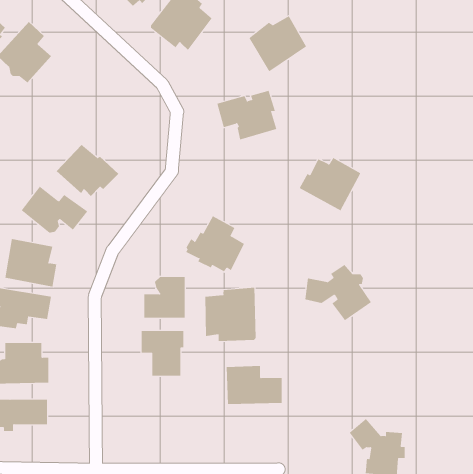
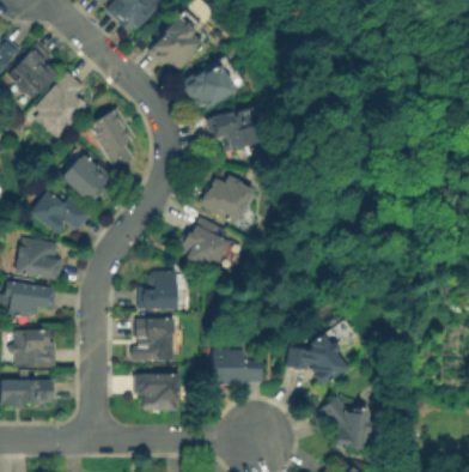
building: [249,15,307,72] -> [179,62,231,113]
building: none -> [36,72,90,139]
building: none -> [89,108,136,170]
building: [299,157,361,211] -> [199,176,254,224]
building: [304,264,372,321] -> [285,334,345,385]
building: [205,287,256,342] -> none
building: none -> [134,375,178,410]

